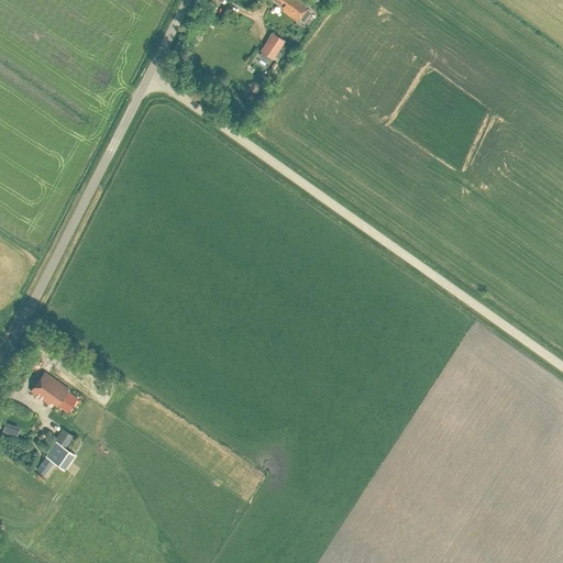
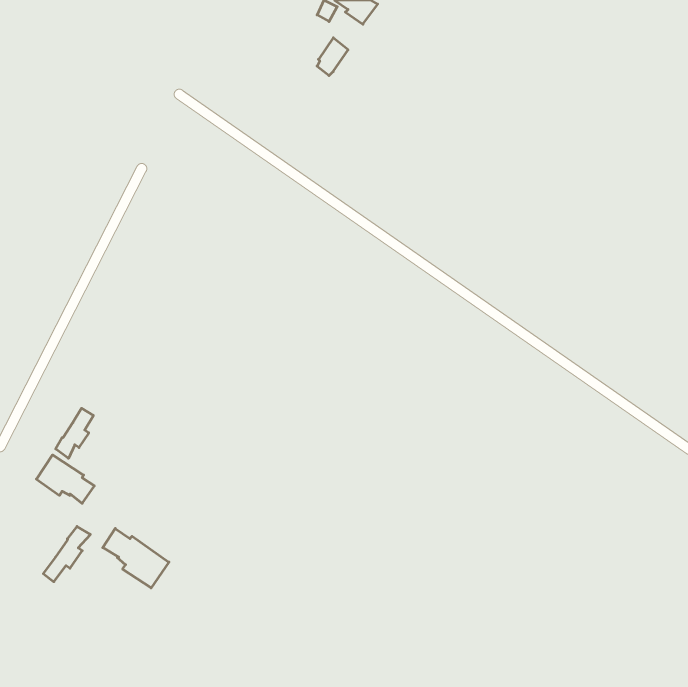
building: none -> [56,408,93,458]
building: none -> [103,528,169,588]

